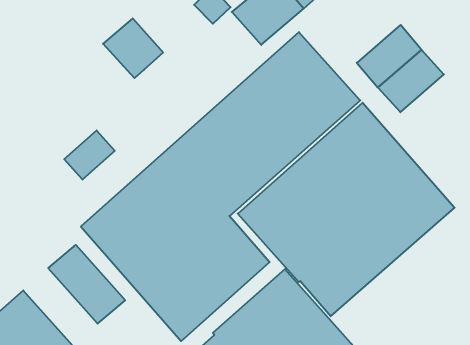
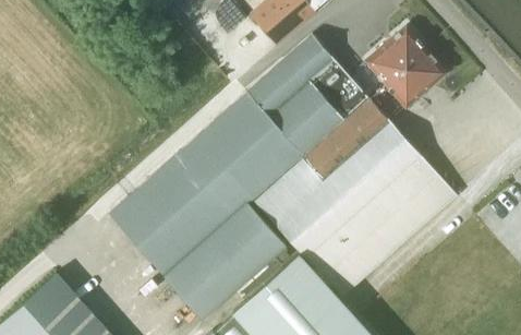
building: [103,18,163,78] -> none
building: [64,130,115,180] -> none
building: [48,245,125,324] -> none

